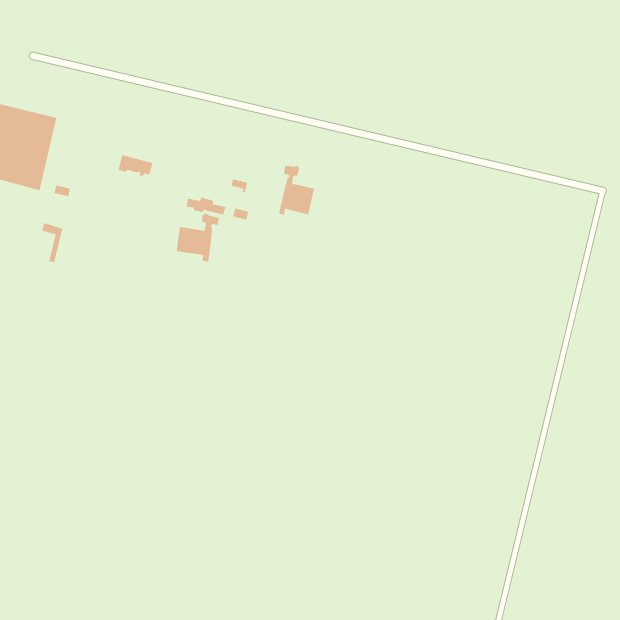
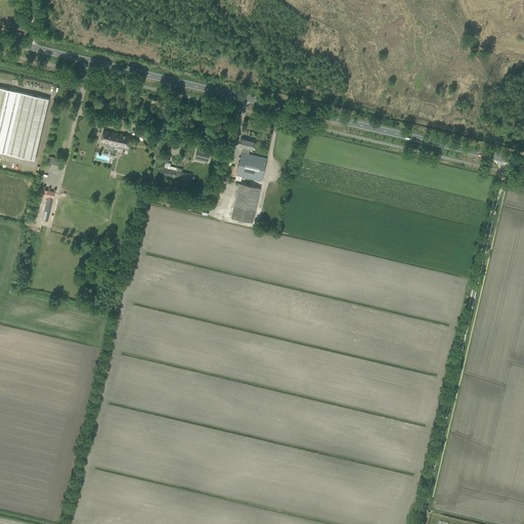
building: [176,213,220,262] -> none
building: none -> [230,182,259,223]

